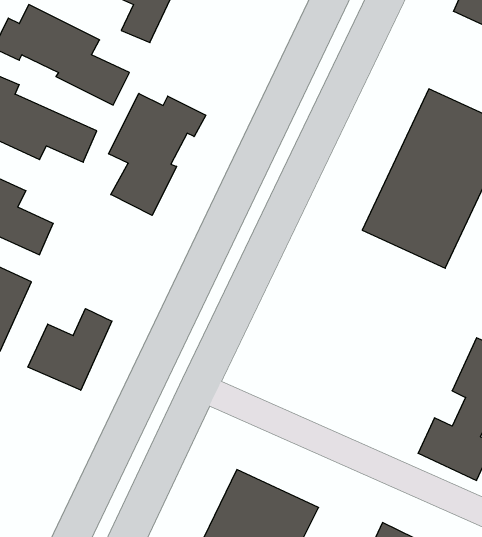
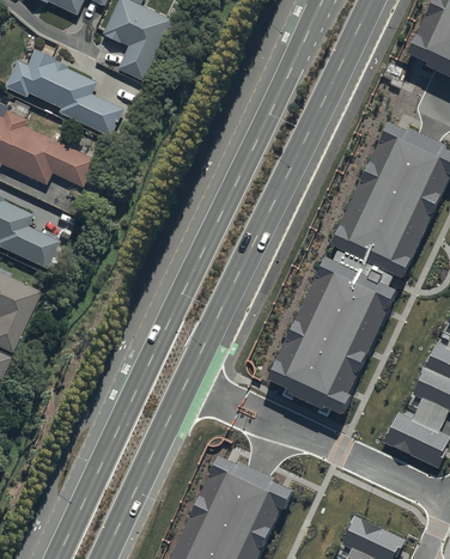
building: [109,93,206,215] -> none
building: none -> [266,255,402,418]
building: [28,309,112,390] -> none

